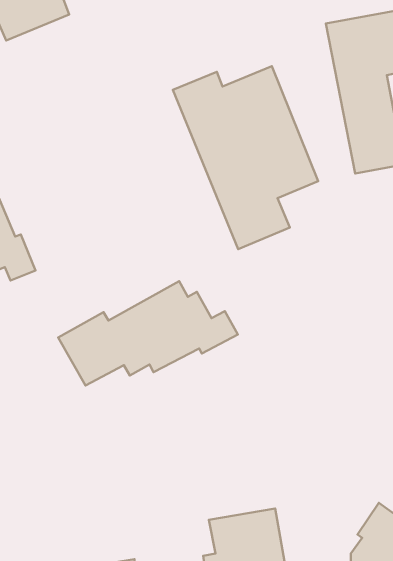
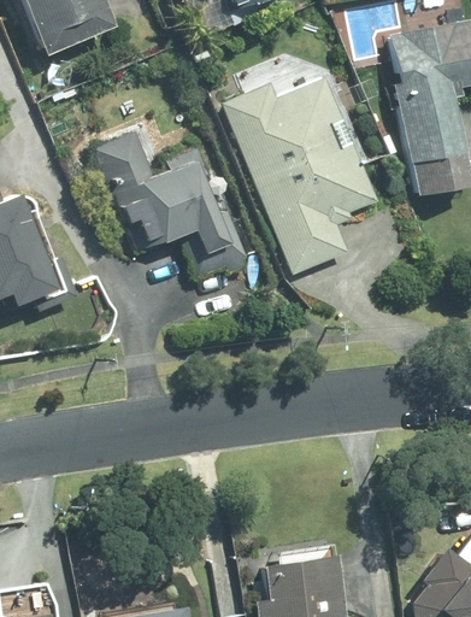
building: none -> [96,129,246,278]
building: [58,281,238,385] -> none

